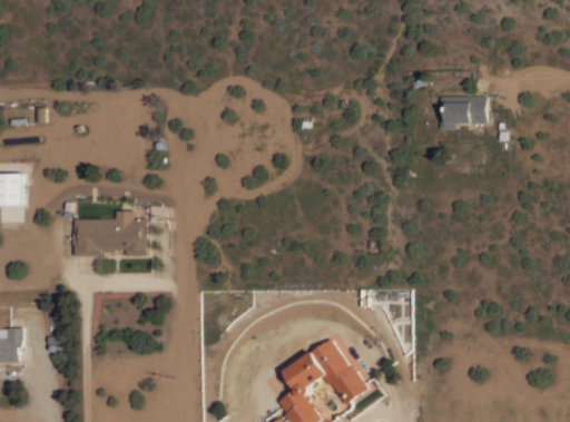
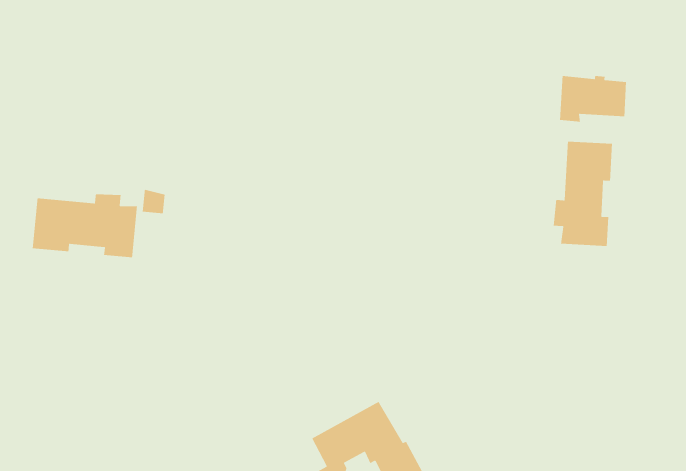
building: none -> [553,141,613,247]

